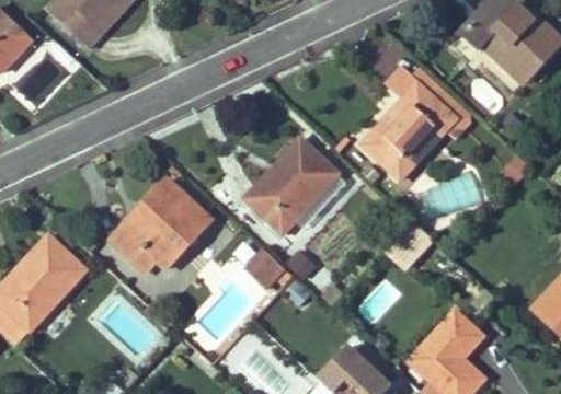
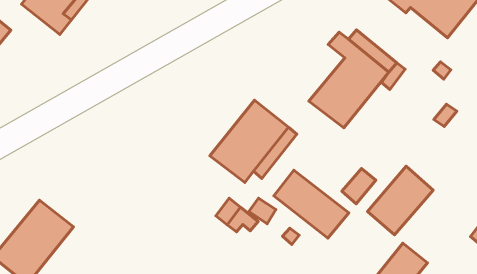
building: [112,179,210,269] -> none
building: none -> [274,170,349,238]
building: none -> [368,166,433,235]

